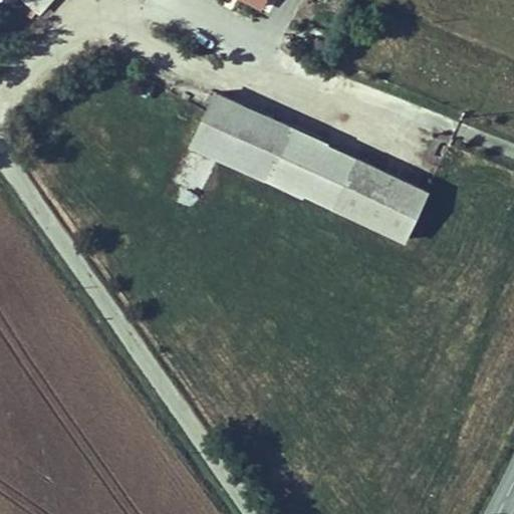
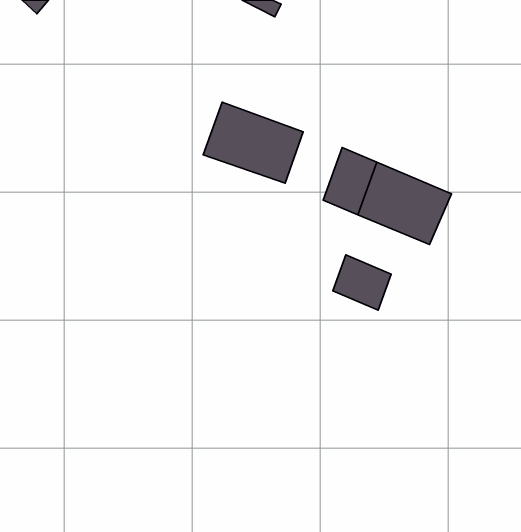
building: [272,132,326,197] -> none
building: none -> [333,255,391,310]

